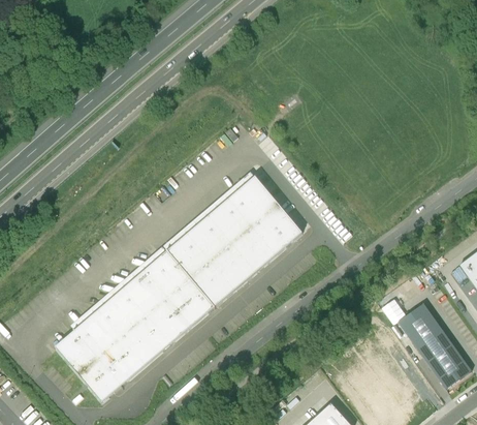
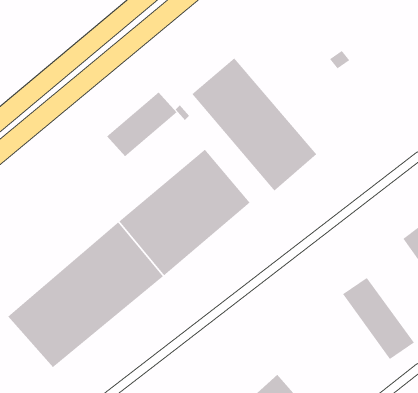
building: none -> [192,58,317,191]
building: none -> [106,92,178,157]

